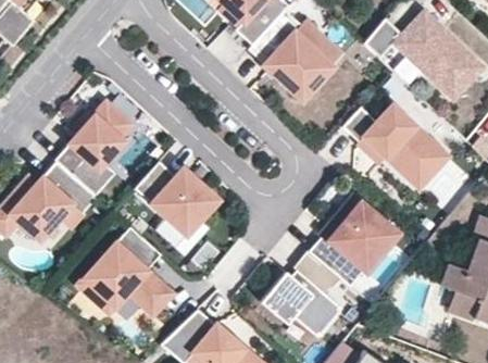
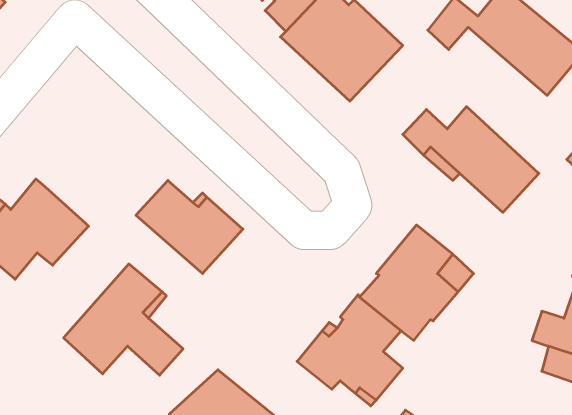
building: [54,102,130,196] -> none

